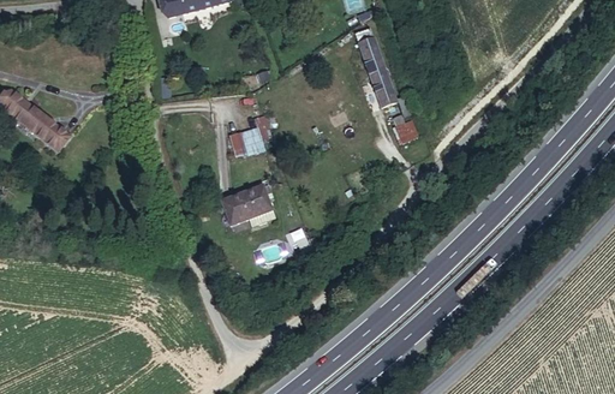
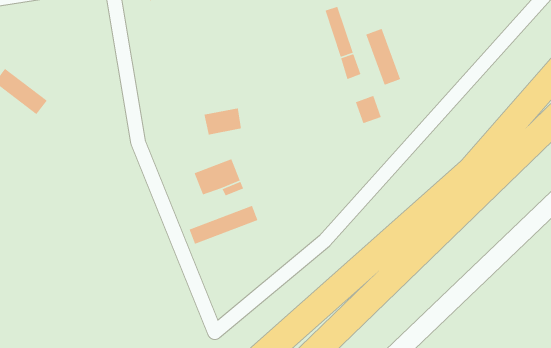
building: none -> [365,28,401,86]
building: none -> [189,205,259,245]

